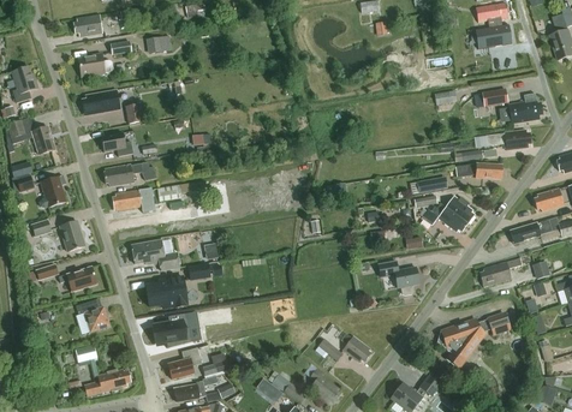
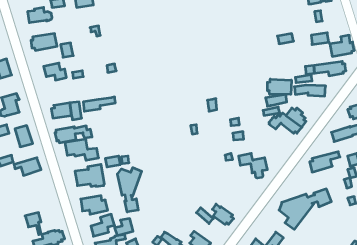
building: none -> [267,79,291,94]
building: [103,162,156,186] -> [55,126,92,143]
building: none -> [117,168,142,212]
building: [77,299,111,332] -> none

